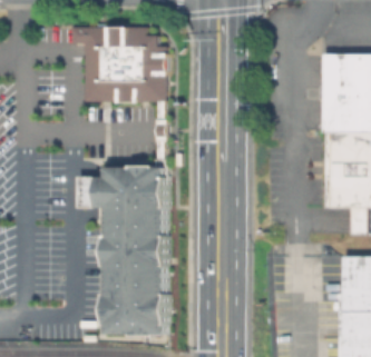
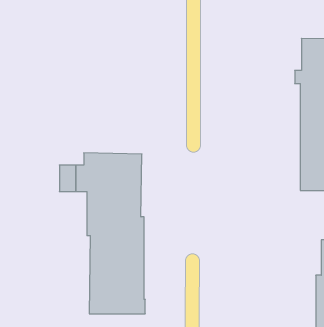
building: [79,28,166,102] -> none

